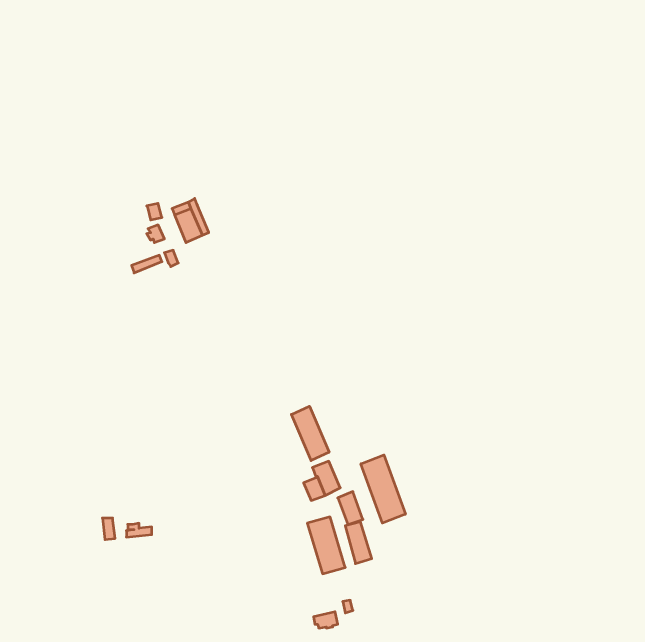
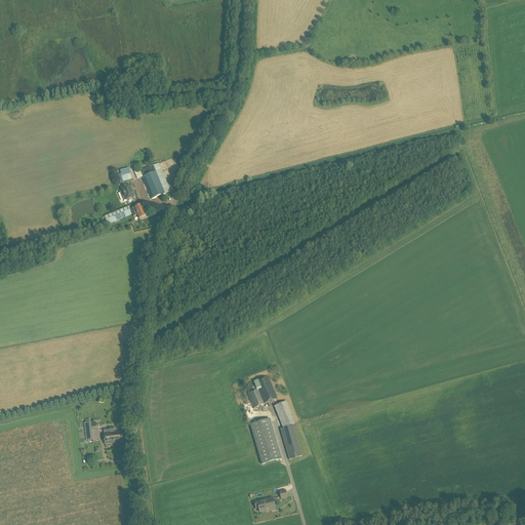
building: [291,406,329,461] -> none
building: [361,455,405,523] -> none

